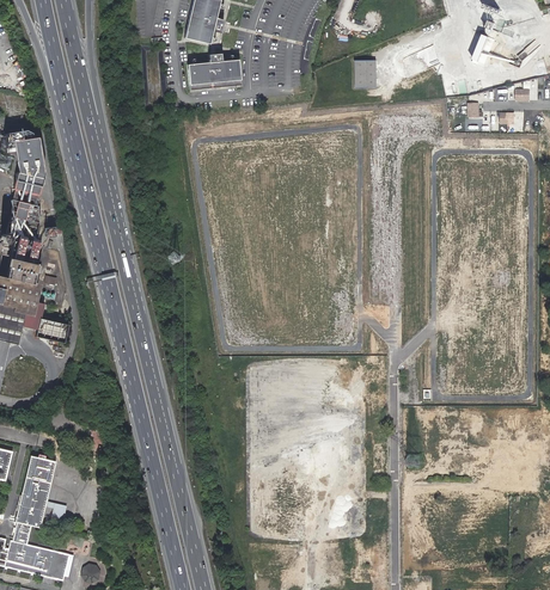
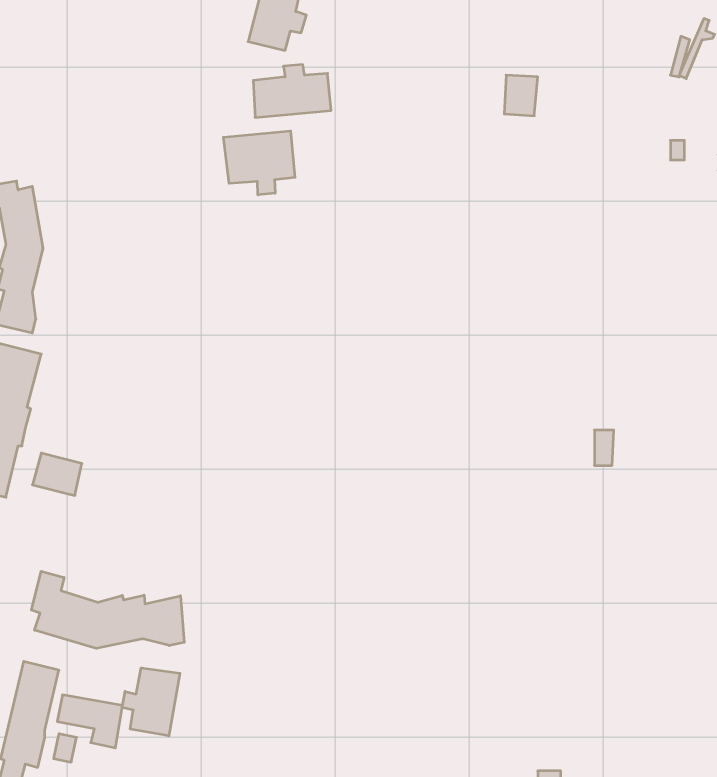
building: none -> [223,131,295,195]
building: none -> [31,571,184,648]
building: none -> [122,668,180,736]

